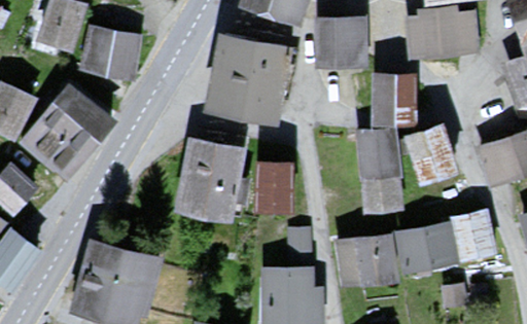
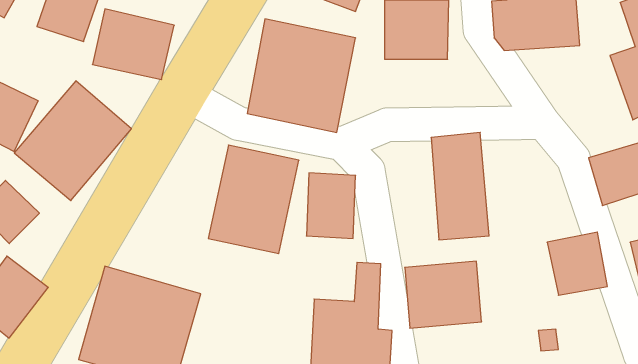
building: [372,71,416,118] -> none
building: [406,129,458,186] -> none
building: [395,219,456,271] -> none

